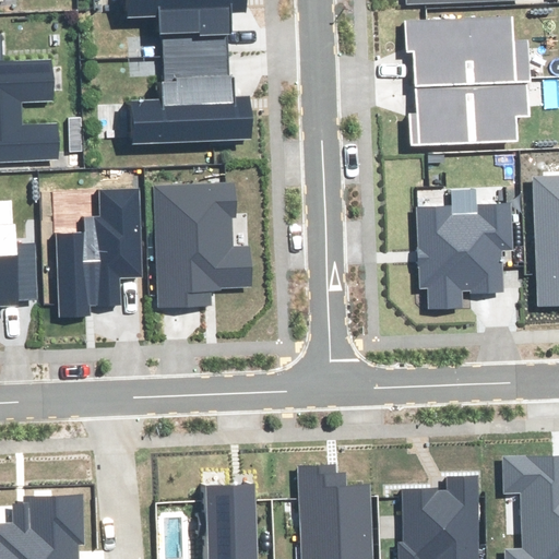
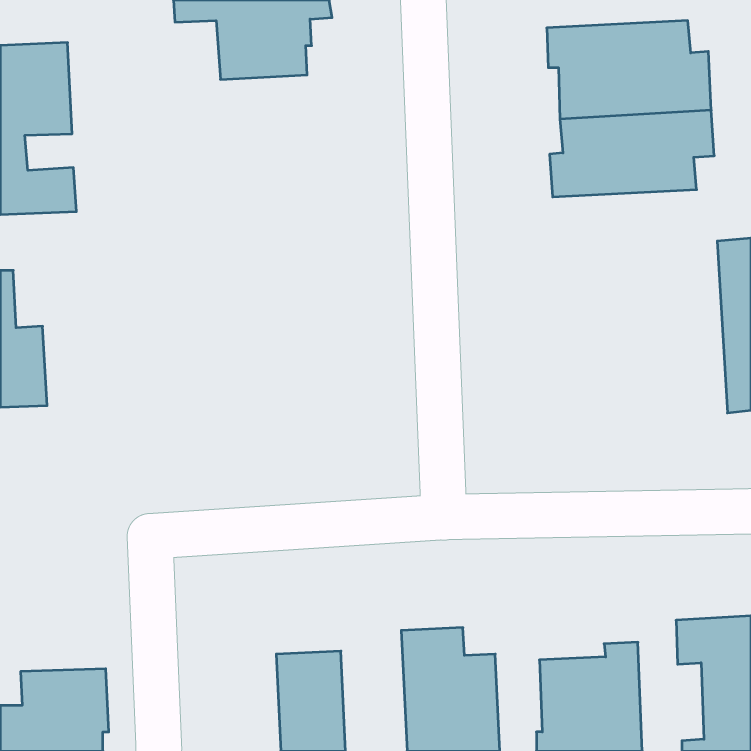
building: [131,56,251,143] -> none
building: [153,183,252,307] -> none
building: [56,190,142,317] -> none
building: [417,191,512,308] -> none

